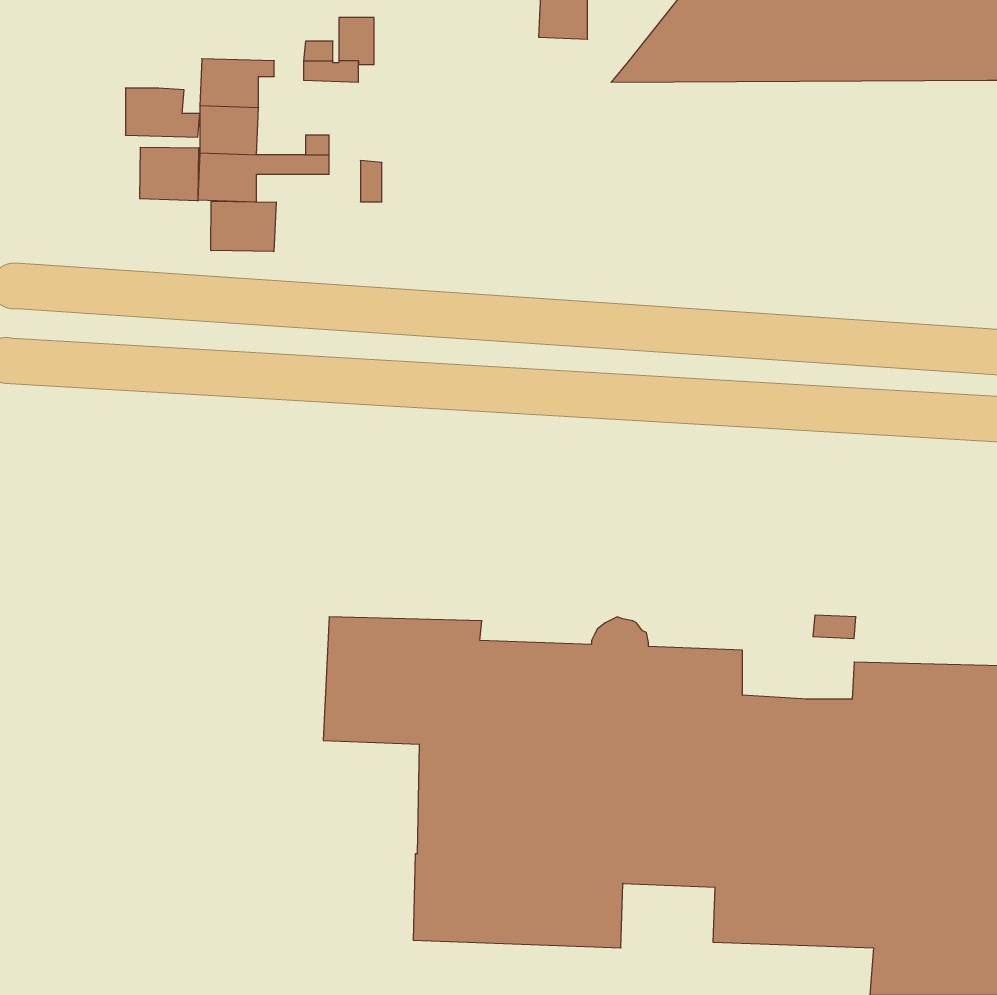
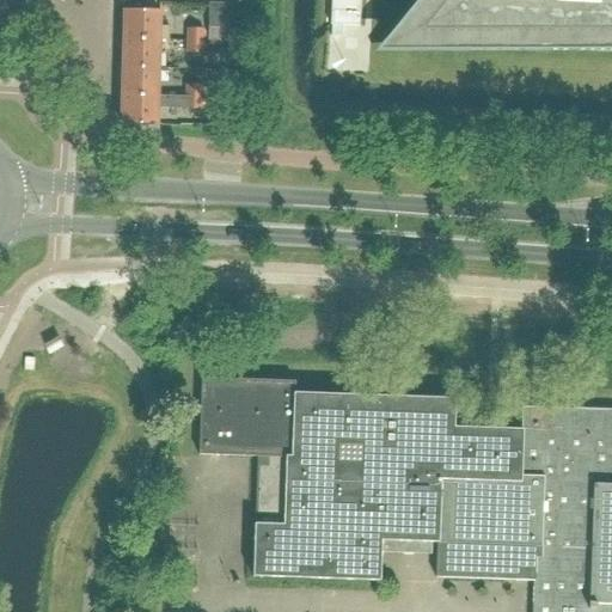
building: [125,88,200,137] -> [126,7,171,37]
building: [140,147,199,201] -> none
building: [211,201,276,252] -> none

